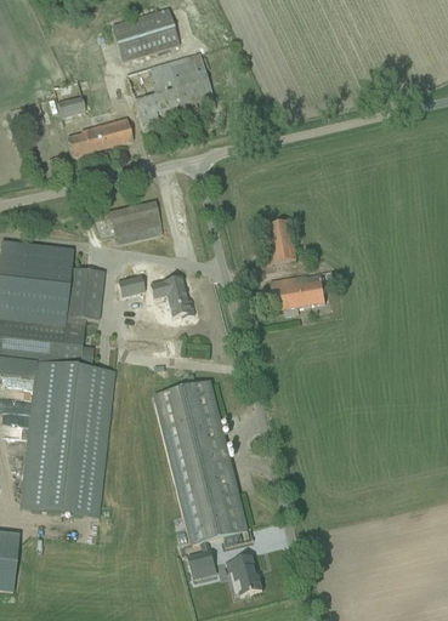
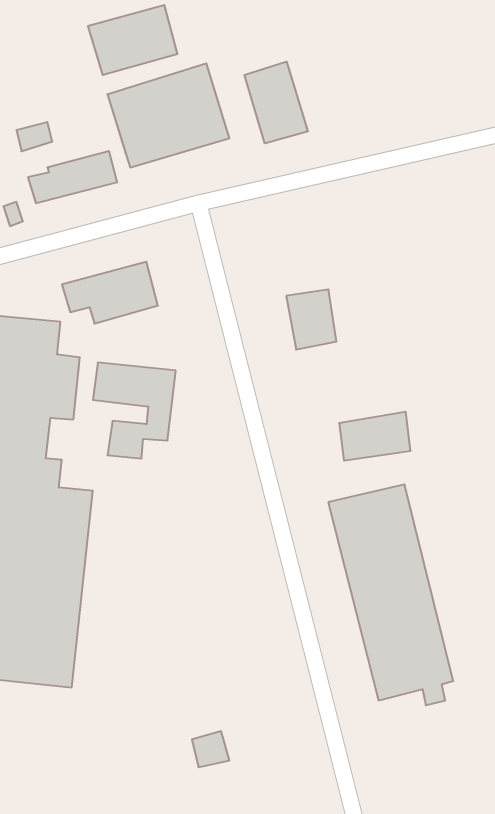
building: none -> [244,62,308,143]
building: [272,273,325,309] -> [339,412,411,461]
building: [154,381,248,546] -> [328,484,453,705]
building: [226,553,261,594] -> none

